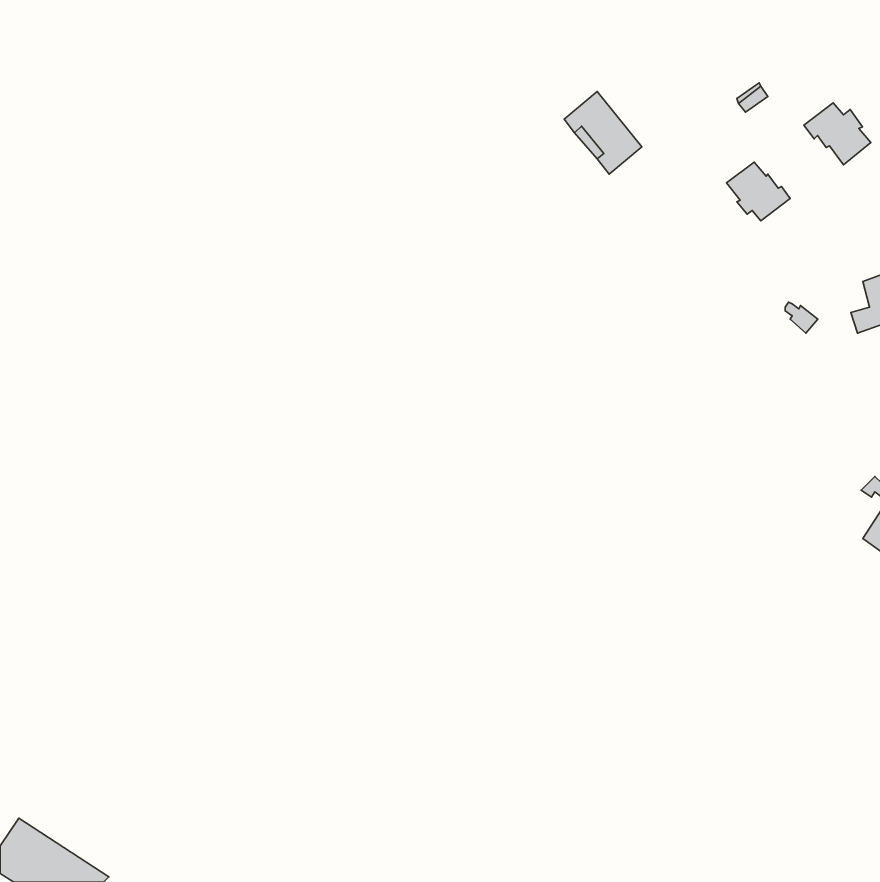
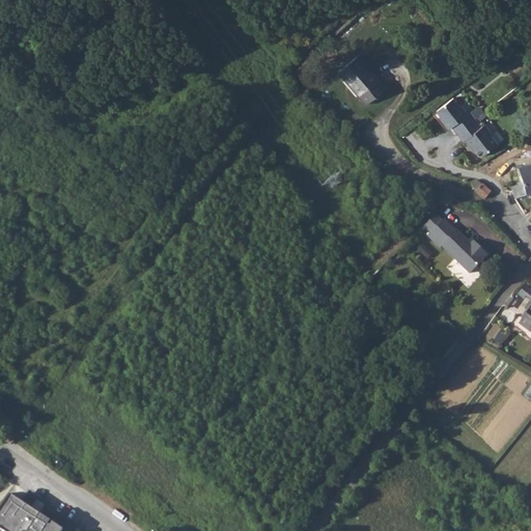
building: [804,103,871,165] -> [458,119,499,157]
building: none -> [425,214,488,274]

